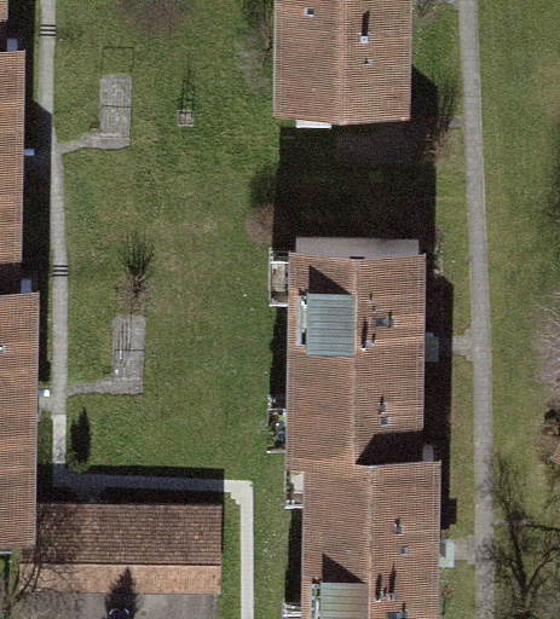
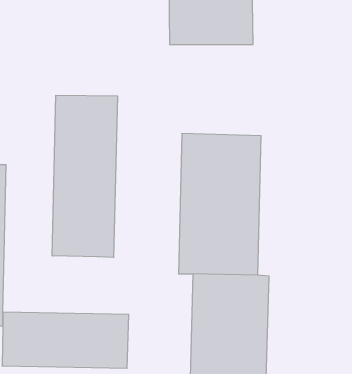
building: none -> [52,95,117,258]

